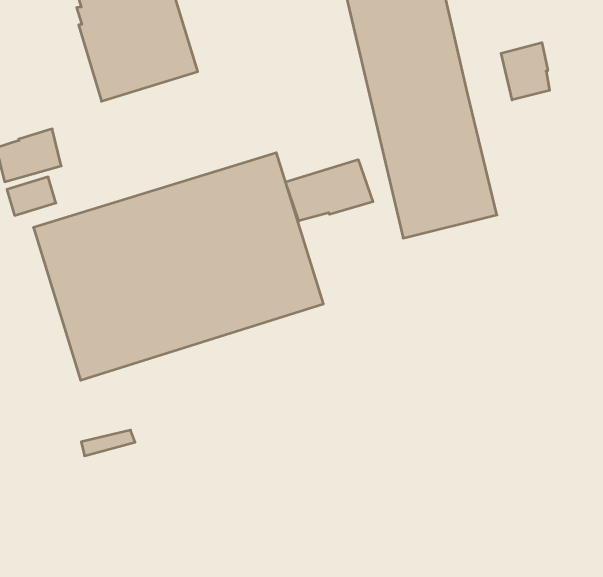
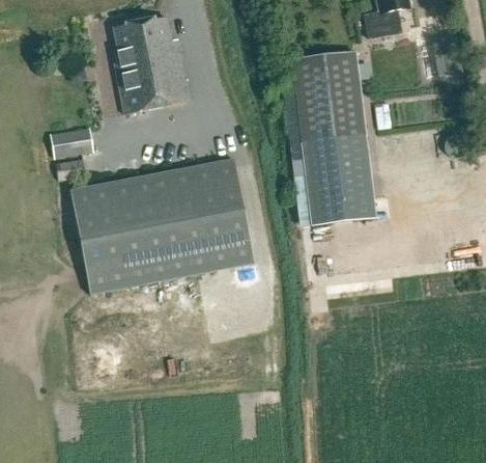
building: [501,43,550,100] -> none
building: [286,160,373,221] -> none

